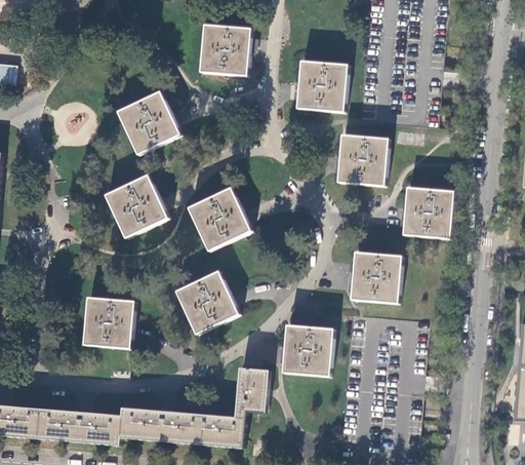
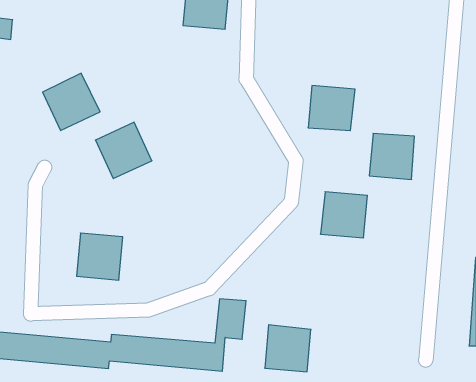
building: [296,61,347,112] -> none
building: [117,91,179,154] -> [43,73,100,131]
building: [188,188,250,249] -> none
building: [176,271,238,334] -> none
building: [282,324,332,376] -> [265,325,311,372]

